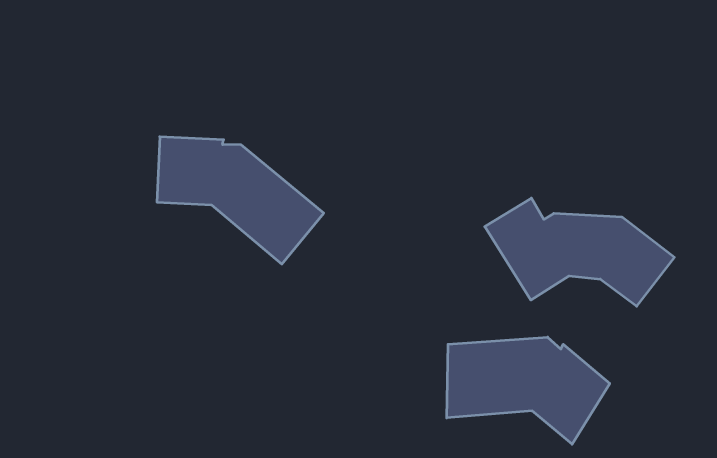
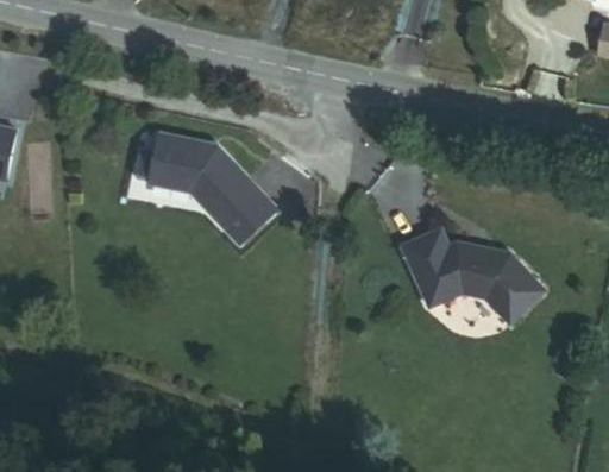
building: [447,337,610,444] -> none

